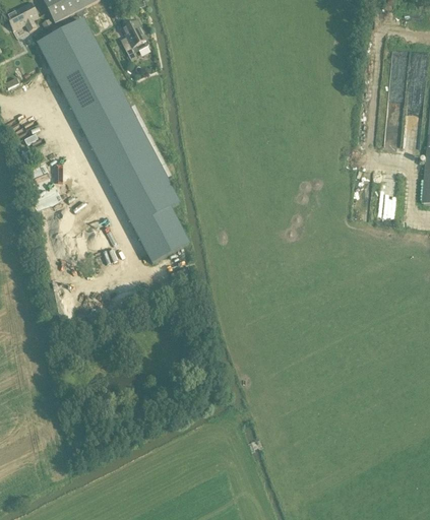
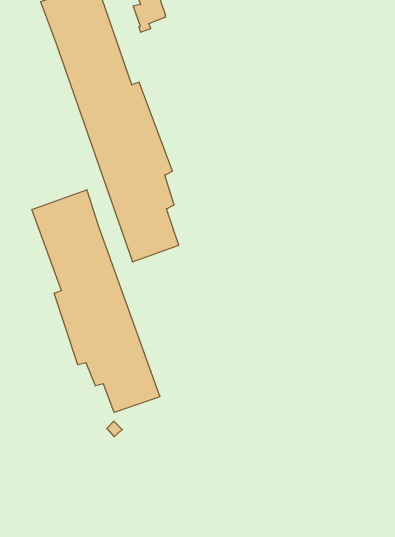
building: none -> [32,190,160,412]

